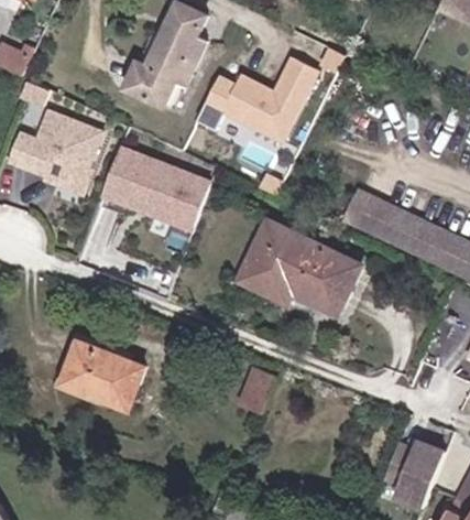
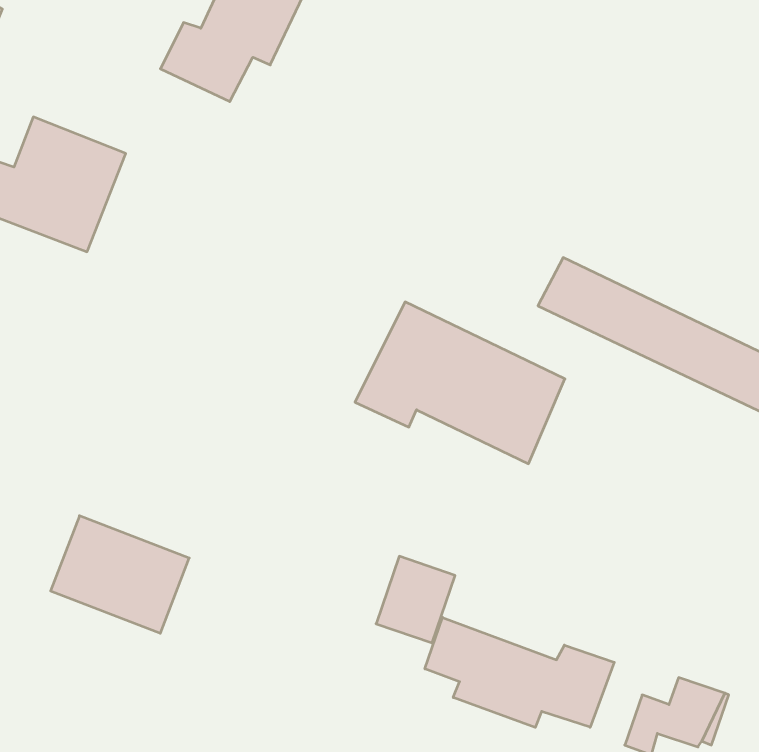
building: [206,51,329,141] -> none
building: [109,141,223,231] -> none
building: none -> [425,617,614,727]

